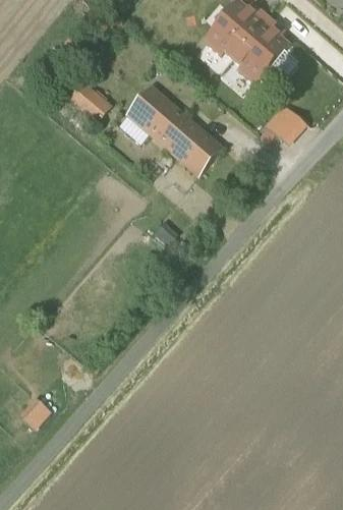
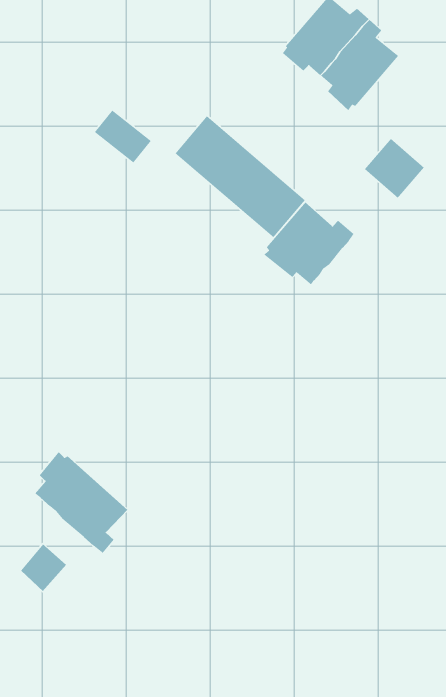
building: none -> [264,201,355,286]
building: none -> [34,451,128,554]

